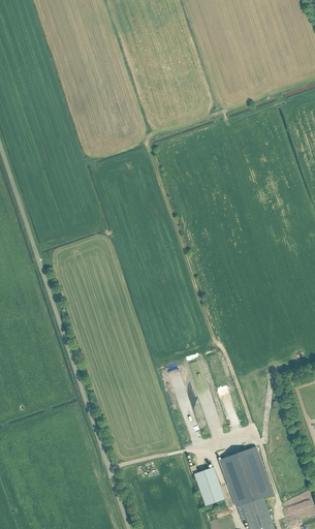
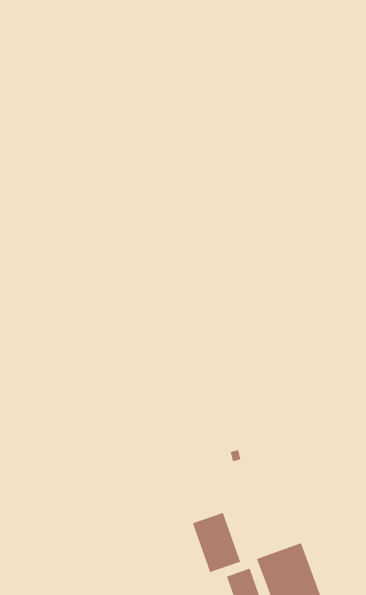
building: none -> [192,512,241,573]

